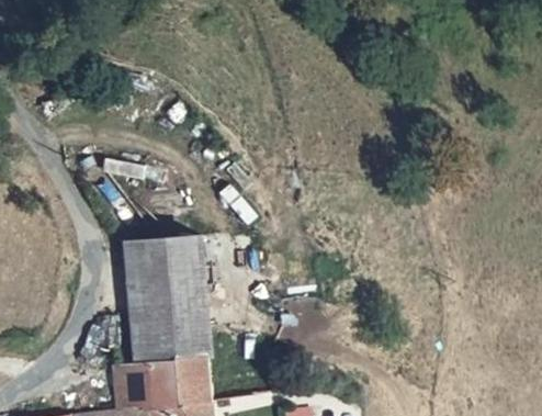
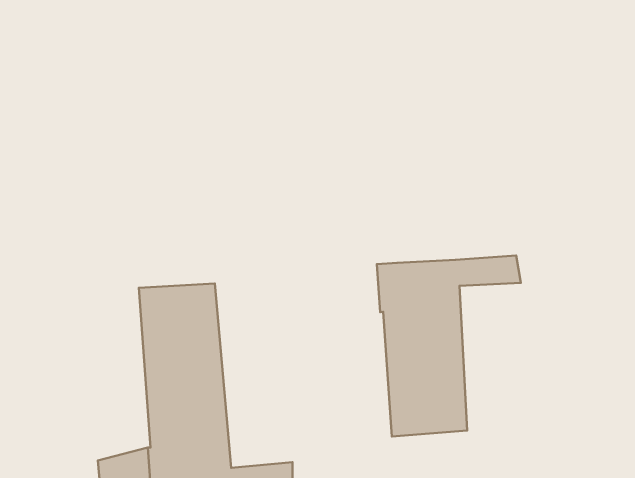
building: none -> [377,256,521,437]

